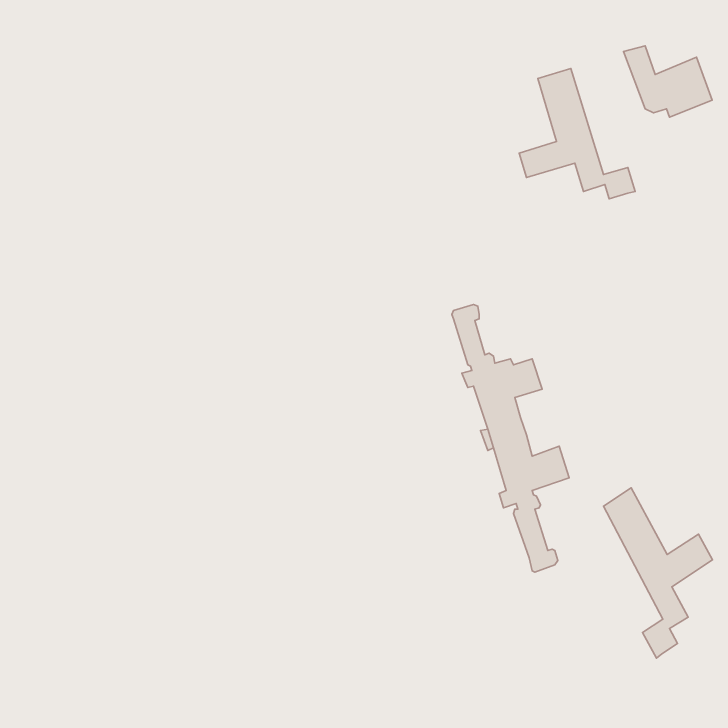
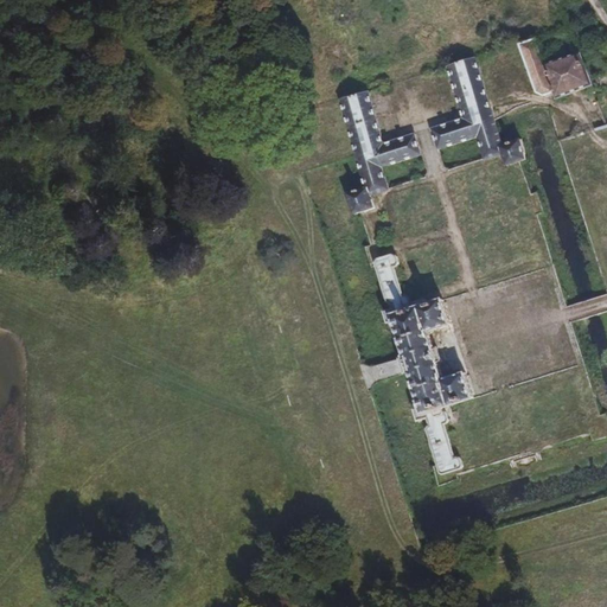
building: none -> [339,90,420,212]
building: [604,488,712,658] -> none

